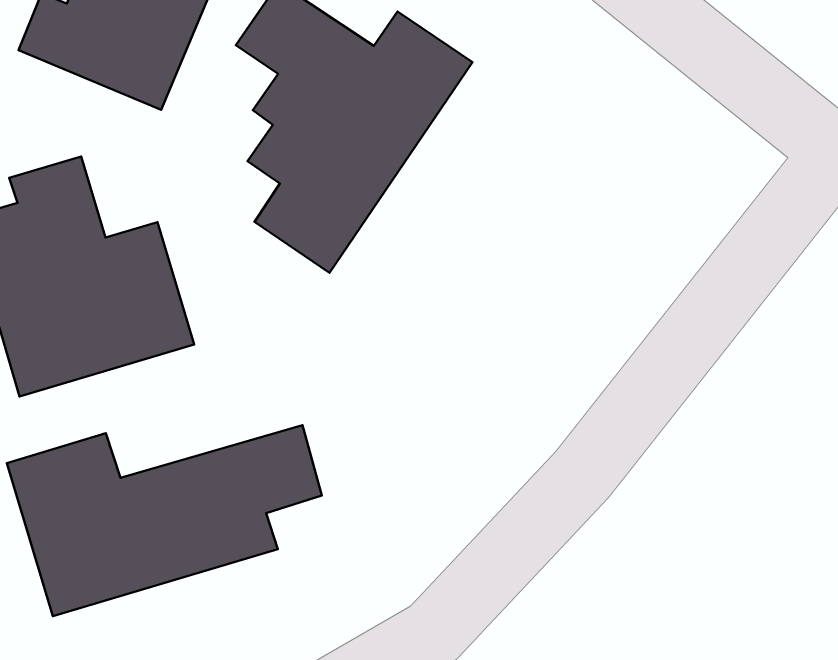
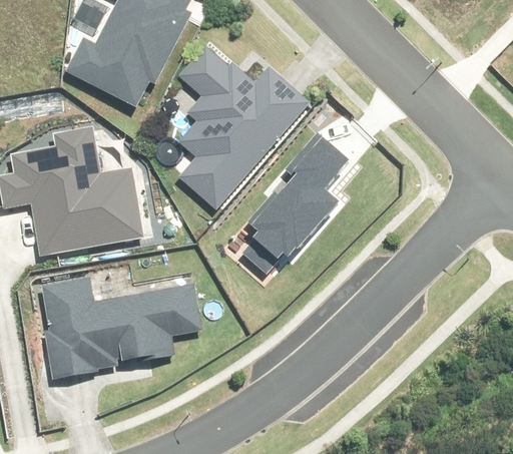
building: none -> [248,137,348,261]

